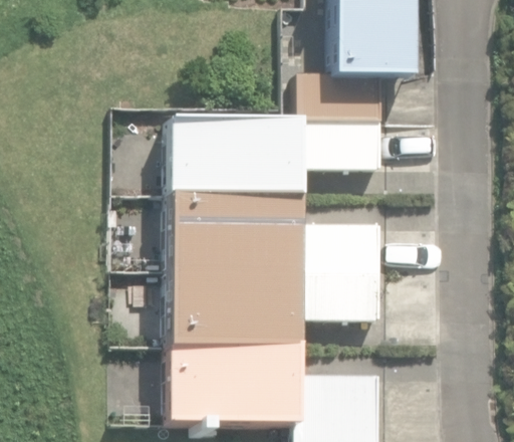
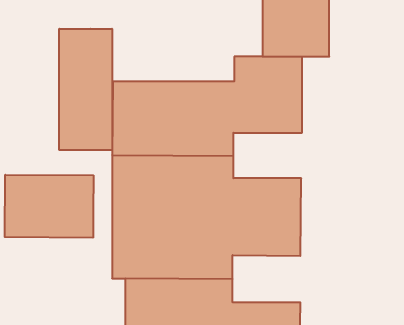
building: none -> [59,29,112,150]
building: none -> [5,175,93,238]

